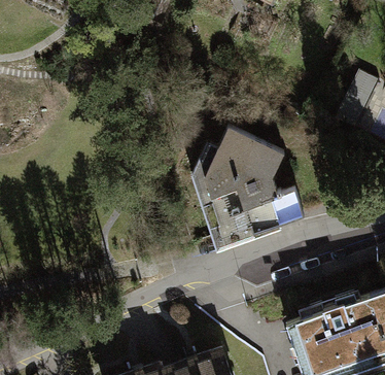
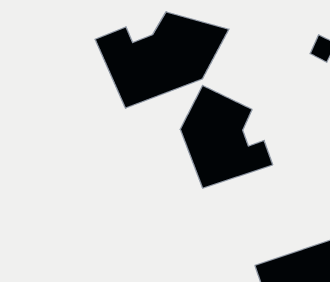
building: none -> [95,12,229,108]

